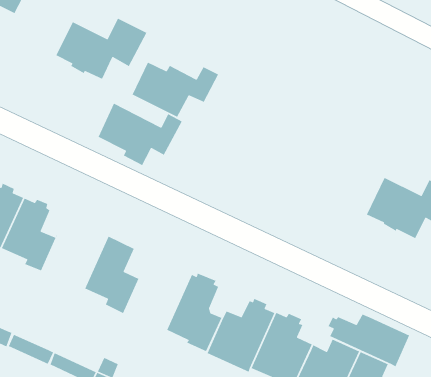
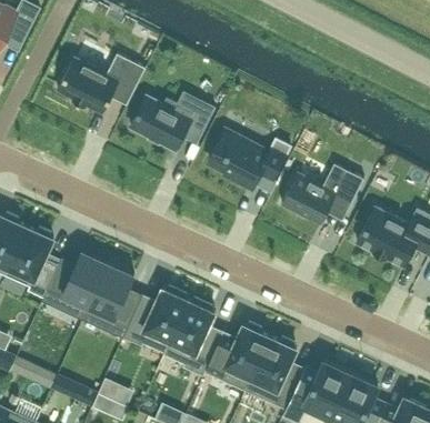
building: [97,103,183,166] -> [208,129,290,190]
building: none -> [280,163,363,224]
building: none -> [41,252,108,314]
building: none -> [122,286,188,354]
building: [327,314,410,368] -> none

